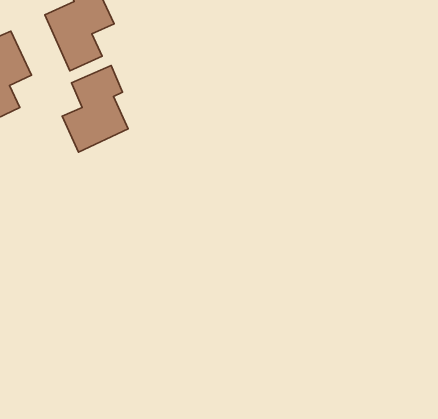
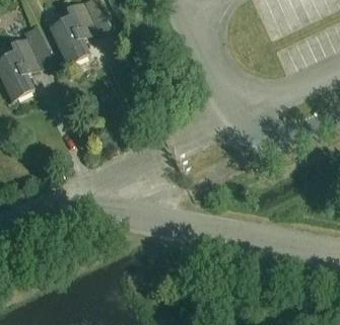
building: [62,65,128,152] -> none

